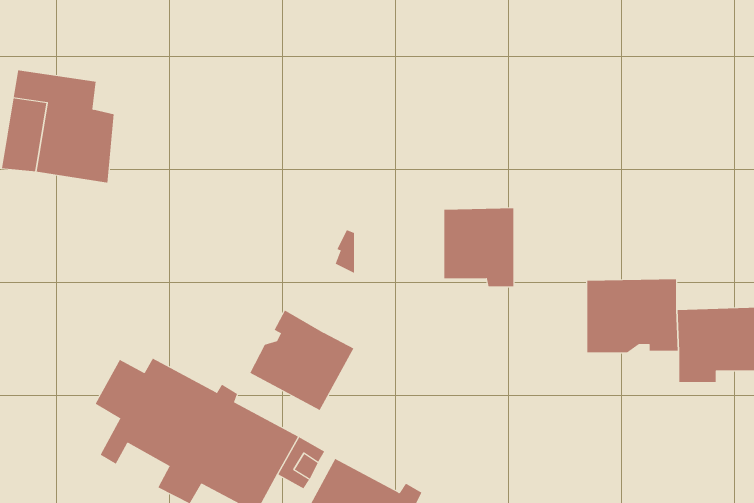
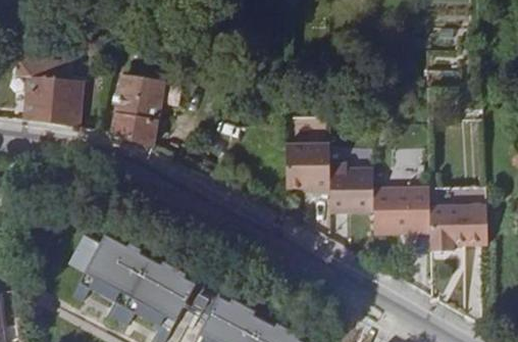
building: none -> [113,72,171,144]
building: none -> [329,161,374,210]
building: [250,310,354,411] -> none

